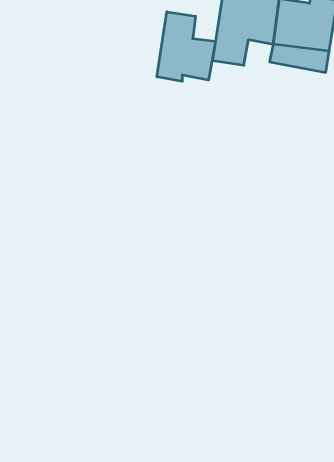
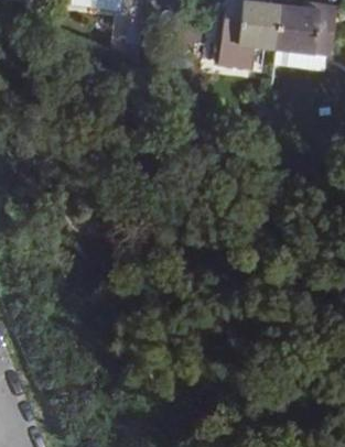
building: [157,12,215,81] -> none

